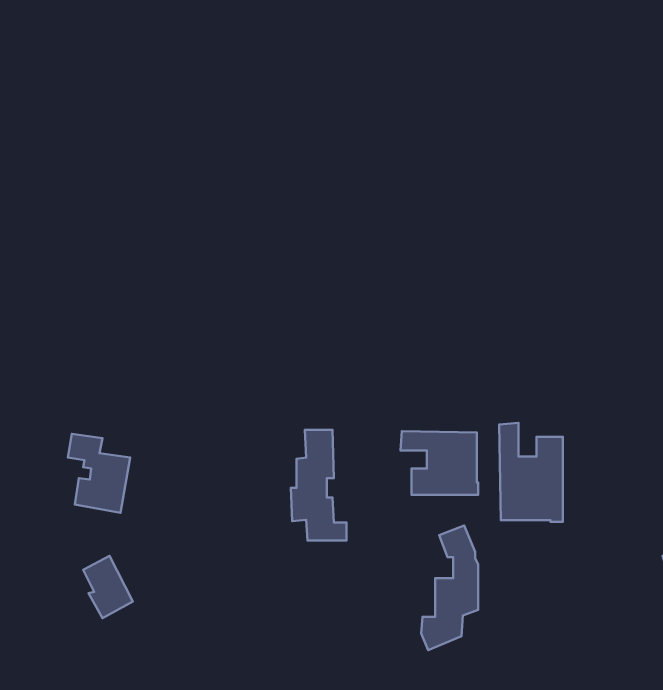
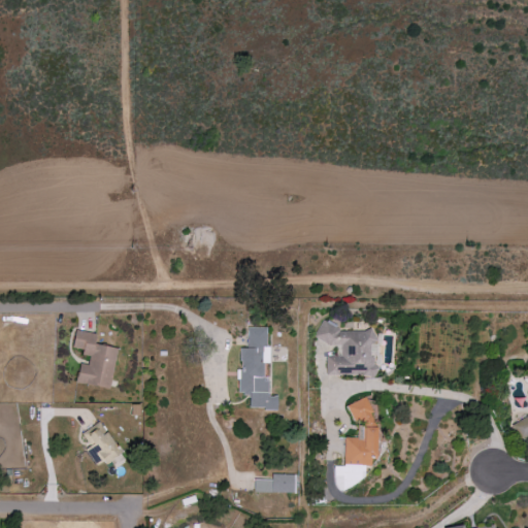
building: [499,423,563,522] -> none
building: none -> [255,472,296,492]

